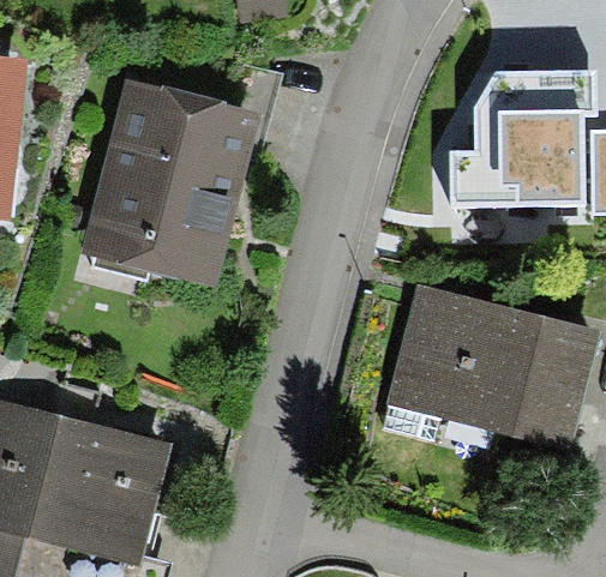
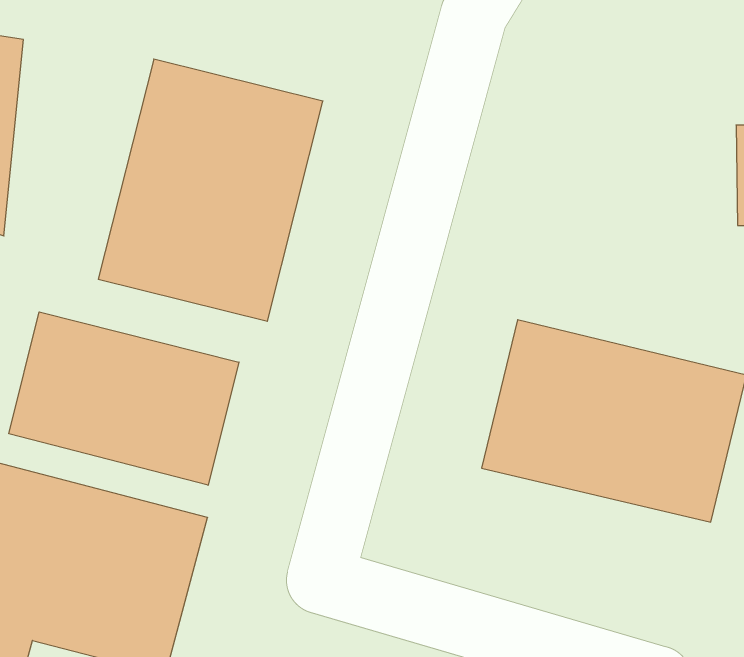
building: [451,70,594,200] -> none
building: none -> [9,312,239,485]

